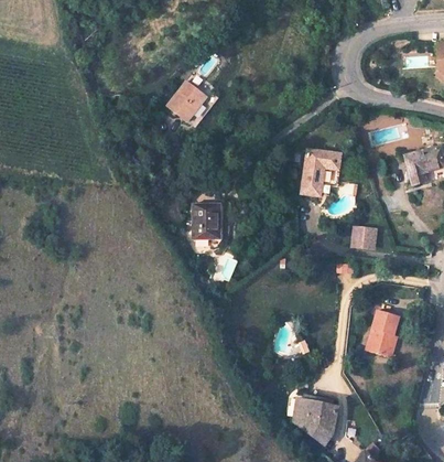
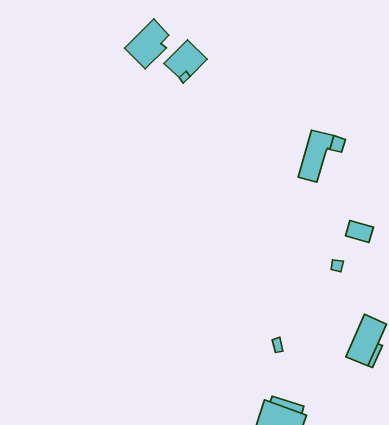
building: none -> [125,19,169,69]
building: [193,204,219,237] -> none

